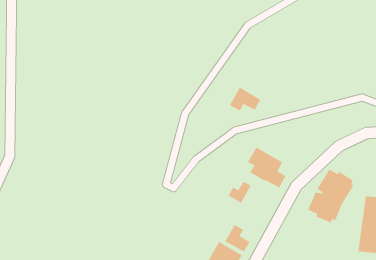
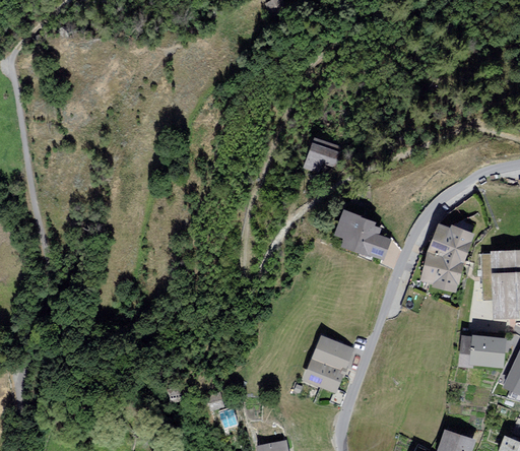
building: [227,180,252,204] -> none
building: [224,224,250,252] -> none

